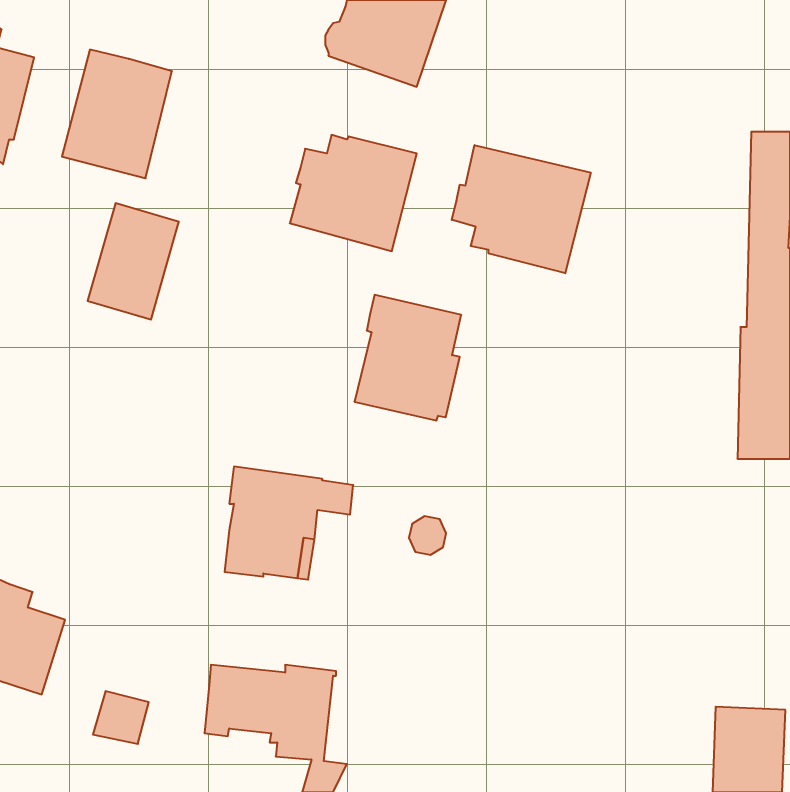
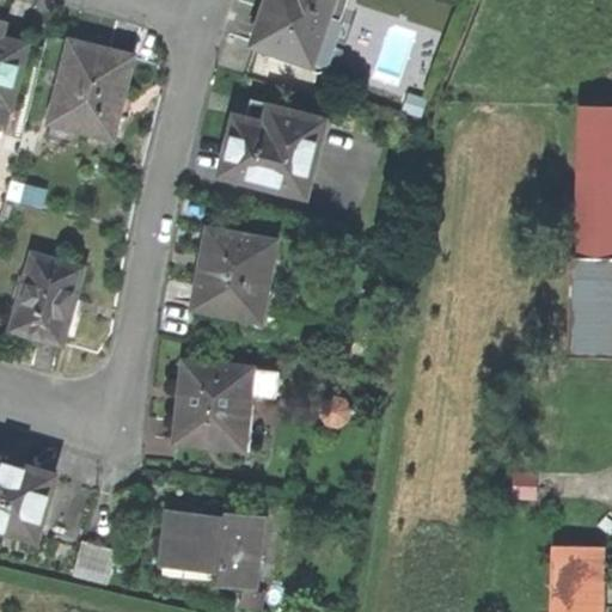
building: [452,145,591,273] -> none
building: [88,203,179,320] -> [11,255,81,344]
building: [354,295,461,420] -> [191,226,274,323]

